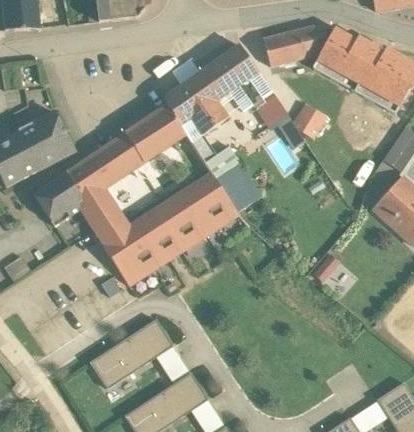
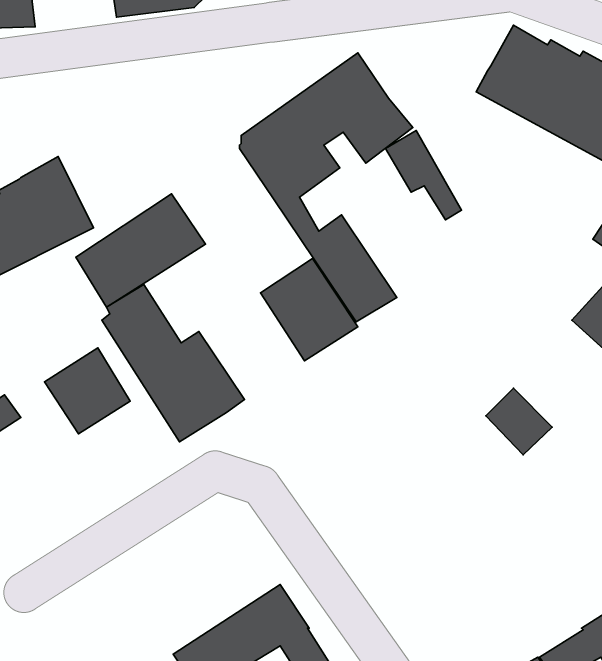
building: [263,25,321,66] -> none
building: [293,102,327,138] -> none
building: [124,103,187,162] -> none
building: [33,172,86,225] -> [44,348,130,434]
building: [141,192,206,258] -> none
building: [90,318,190,388] -> none

